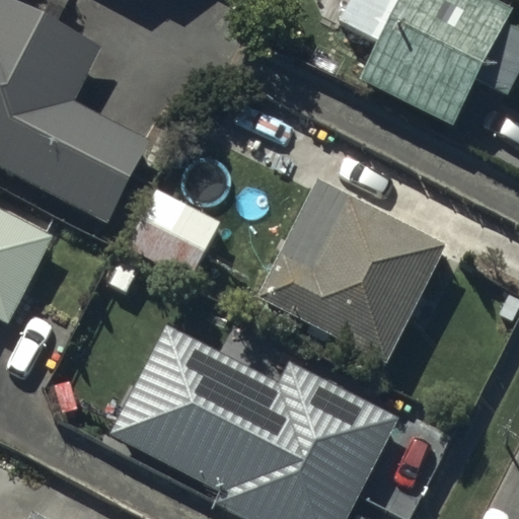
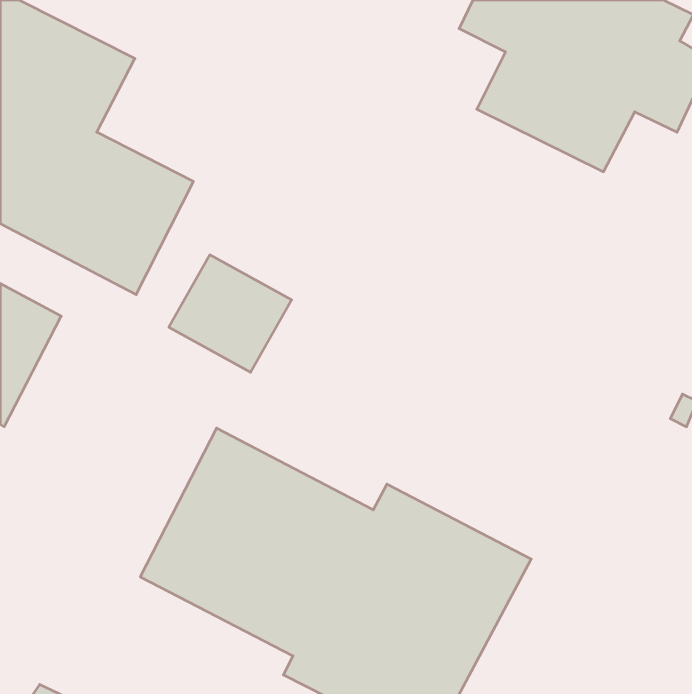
building: [256,177,445,359] -> none

